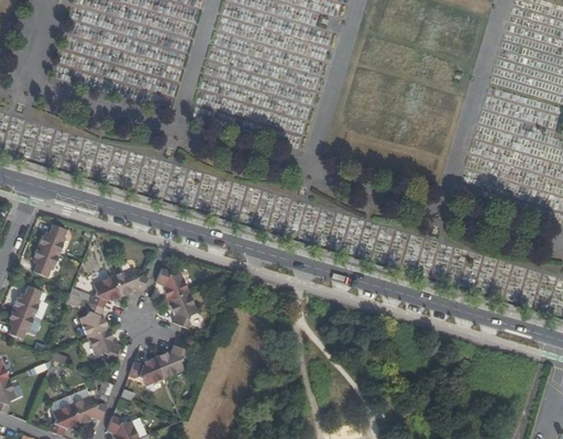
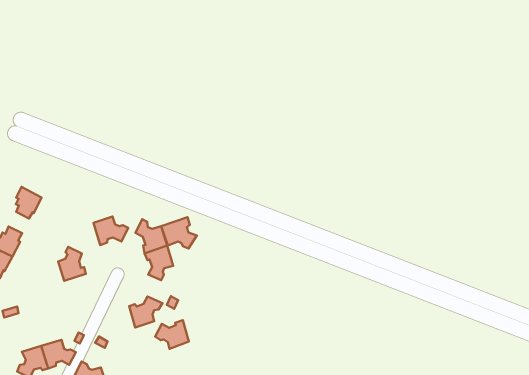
building: [37,223,66,254] -> none
building: none -> [161,217,197,249]
building: [89,275,121,307] -> none
building: [88,327,121,359] -> none
building: [129,355,163,385] -> [155,320,189,349]

